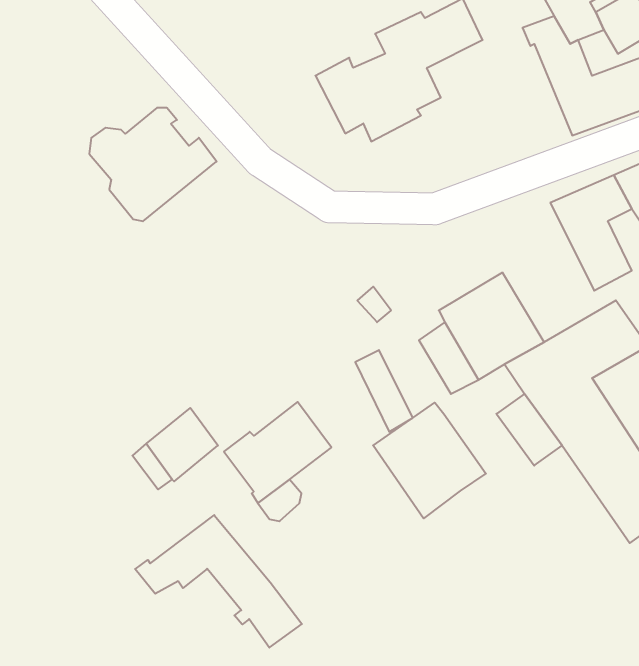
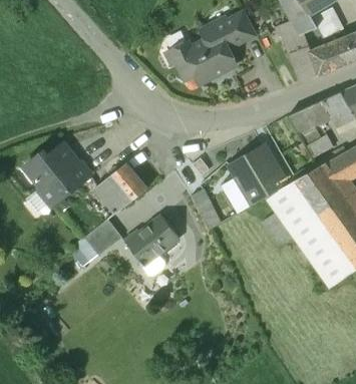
building: [89,108,217,221] -> [28,146,92,204]
building: none -> [94,162,147,213]
building: [373,403,486,518] -> none
building: [135,515,302,648] -> none

